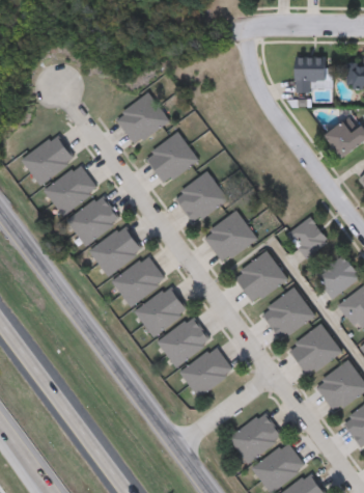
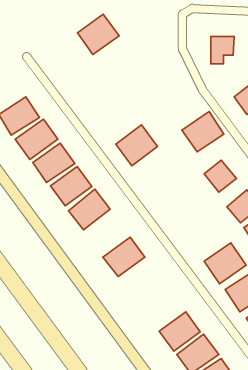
building: [115,92,169,144] -> [77,14,119,54]
building: [144,132,198,184] -> none
building: [202,210,256,262] -> [182,112,224,152]
building: [233,250,286,302] -> none
building: [135,286,187,335] -> none
building: [260,286,314,339] -> none
building: [179,347,233,396] -> none

